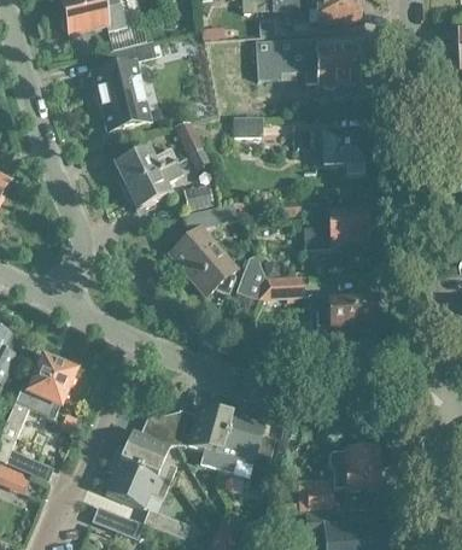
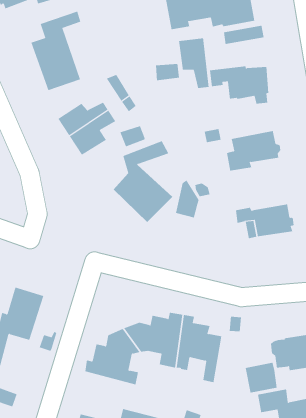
building: none -> [179,38,209,89]
building: [259,276,304,299] -> none
building: [104,461,169,510] -> none

